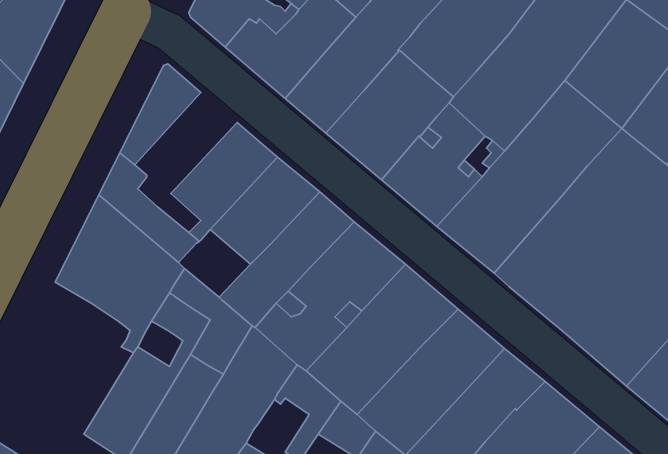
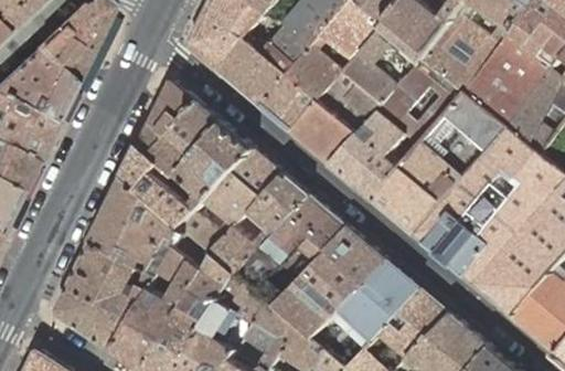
building: none -> [149,102,224,177]
building: none -> [181,210,234,252]
building: none -> [56,241,148,352]

